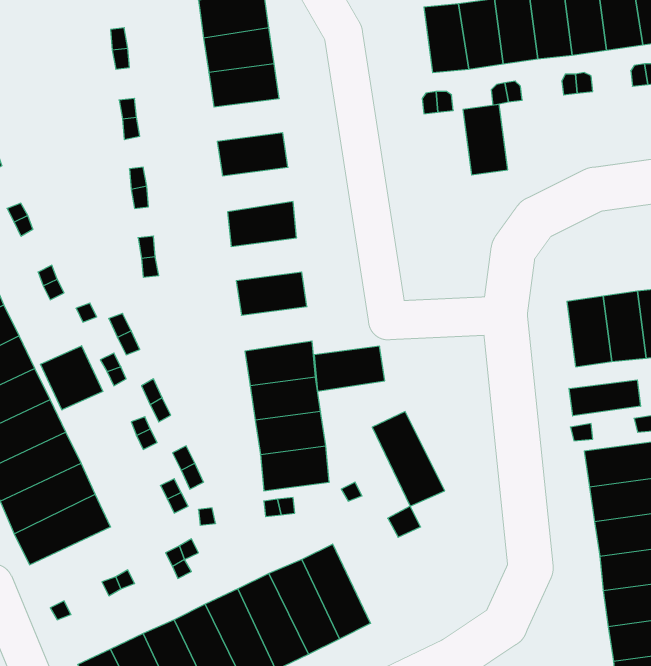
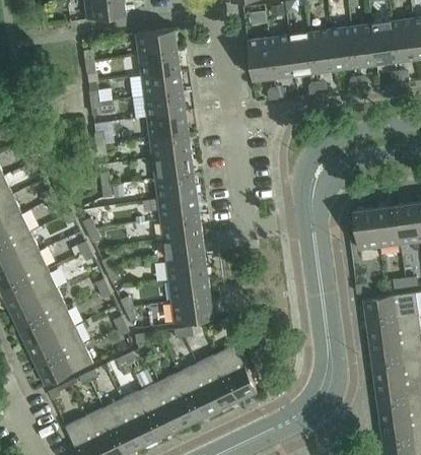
building: none -> [144,91,185,117]
building: [463,104,508,175] -> [247,38,273,79]
building: none -> [149,132,191,158]
building: none -> [154,174,196,199]
building: [41,346,103,410] -> none
building: [314,346,385,391] -> [160,214,202,241]
building: [569,380,641,416] -> none
building: [372,412,445,506] -> [214,345,257,401]
building: none -> [36,344,92,386]

